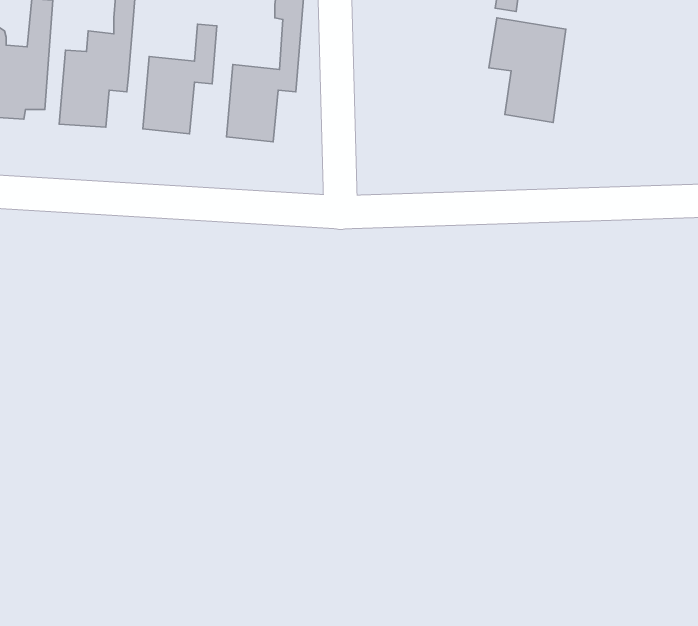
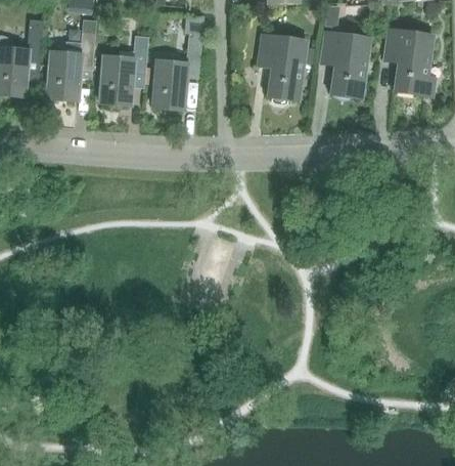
building: none -> [383,29,434,94]
building: none -> [257,34,314,104]

